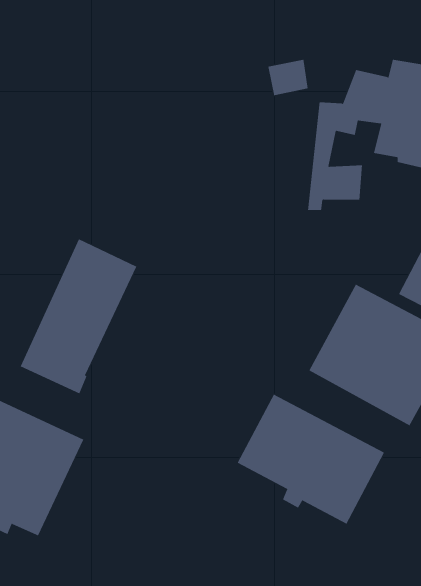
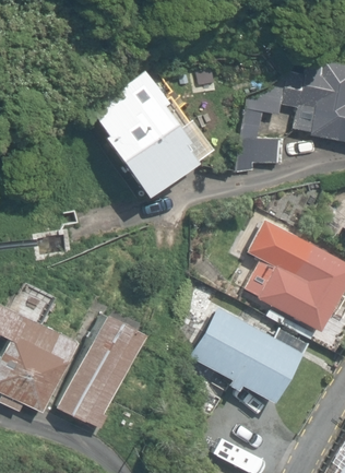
building: none -> [86,67,194,197]
building: [20,239,137,394] -> [57,314,144,429]

